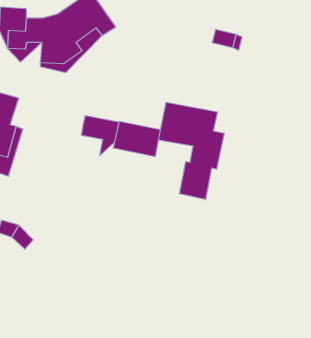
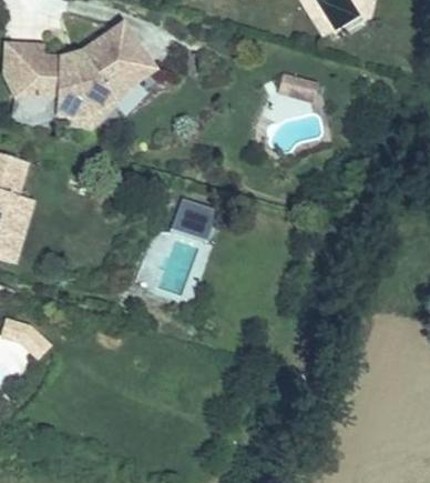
building: [158,102,224,200] -> none
building: [82,116,119,156] -> none

